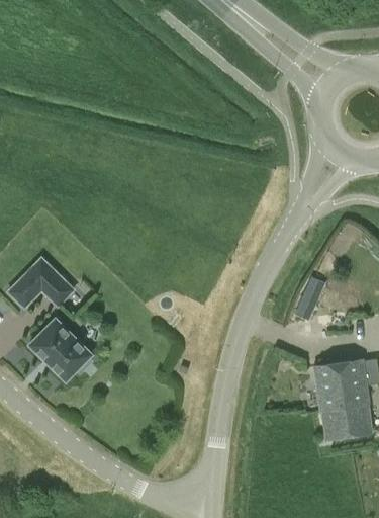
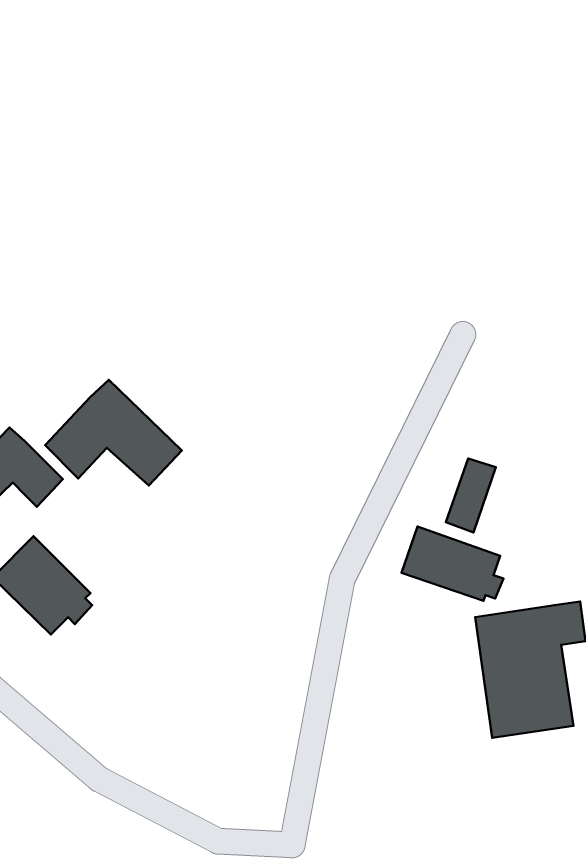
building: none -> [45,380,182,485]
building: none -> [402,526,504,601]

